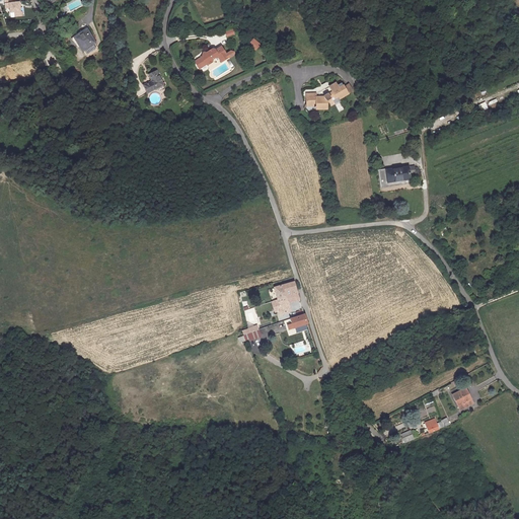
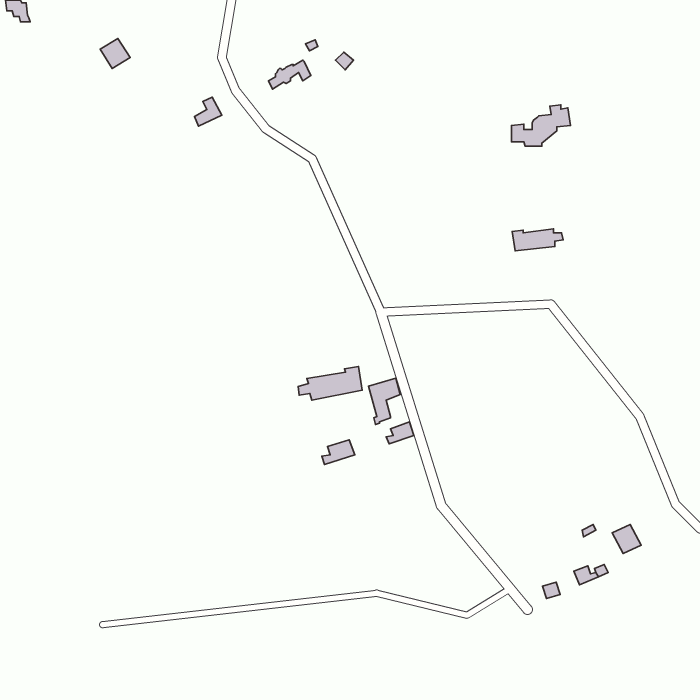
building: [305,77,349,107] -> [512,105,570,146]
building: none -> [298,366,362,400]

